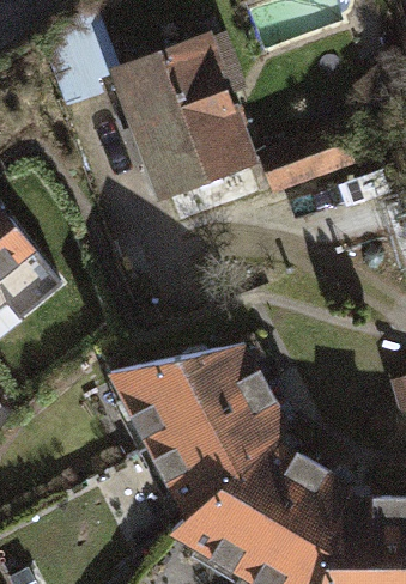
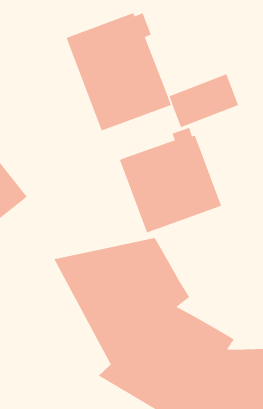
building: none -> [119,127,222,234]

